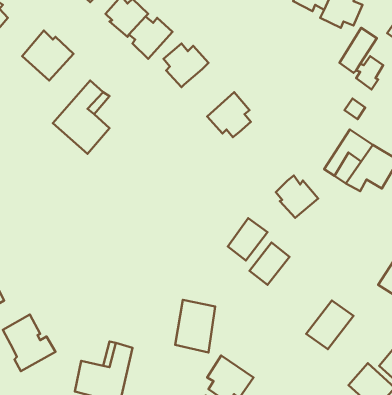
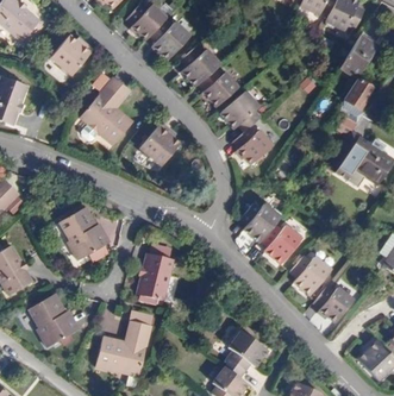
building: none -> [200,68,239,106]
building: none -> [143,124,182,168]
building: [276,175,318,218] -> [234,126,274,165]
building: none -> [61,207,110,259]
building: none -> [288,256,331,301]
building: [175,300,215,353] -> [139,252,176,301]

